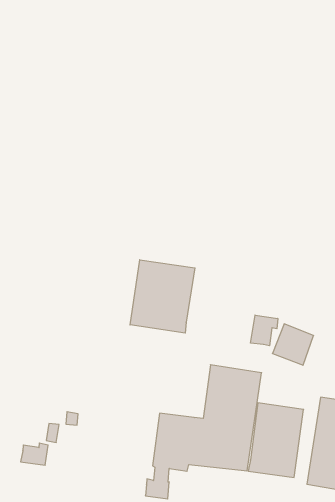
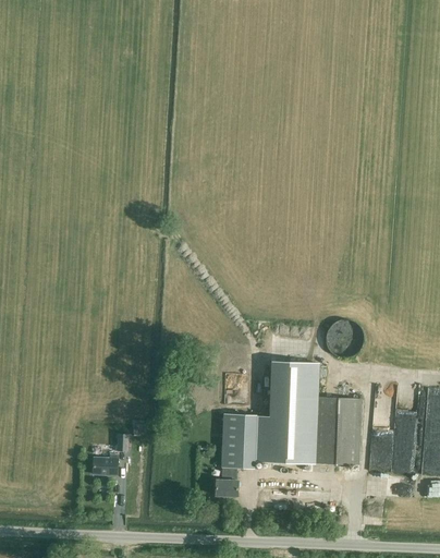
building: [130,260,195,333] -> none
building: [251,315,278,346] -> none

